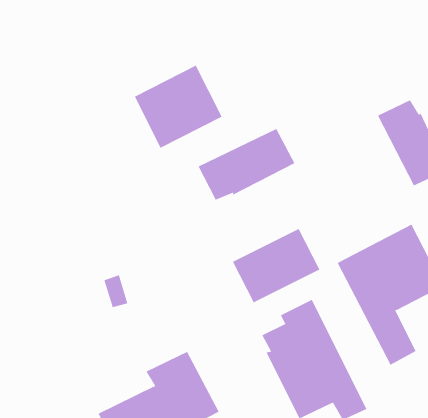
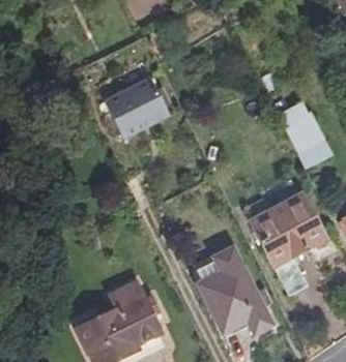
building: [198,128,295,200] -> none
building: [232,228,320,303] -> none

